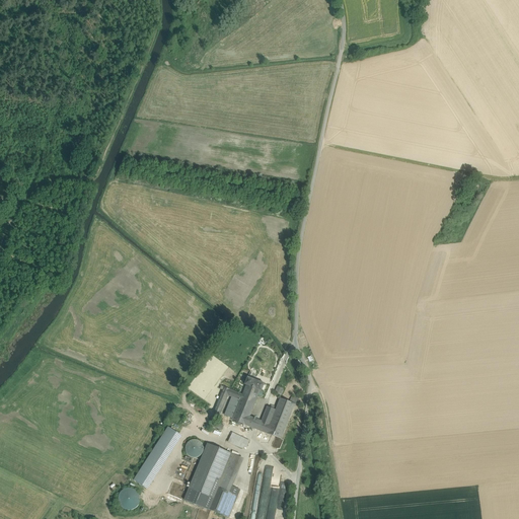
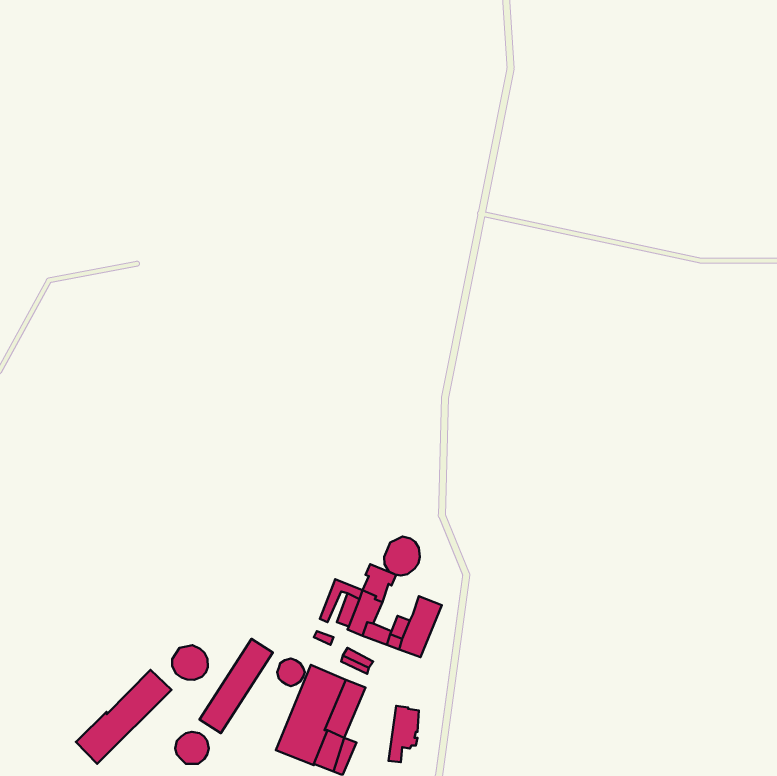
building: none -> [384,536,420,575]
building: none -> [172,645,208,680]
building: none -> [76,670,171,764]

